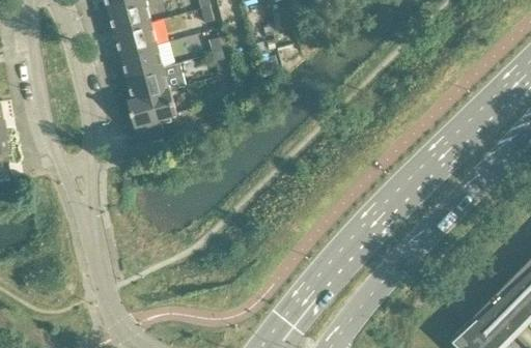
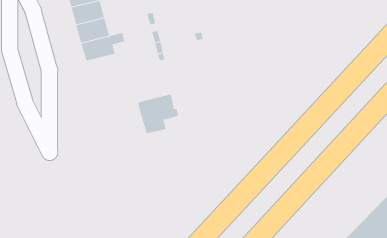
building: [127,90,179,141] -> [137,94,179,134]

